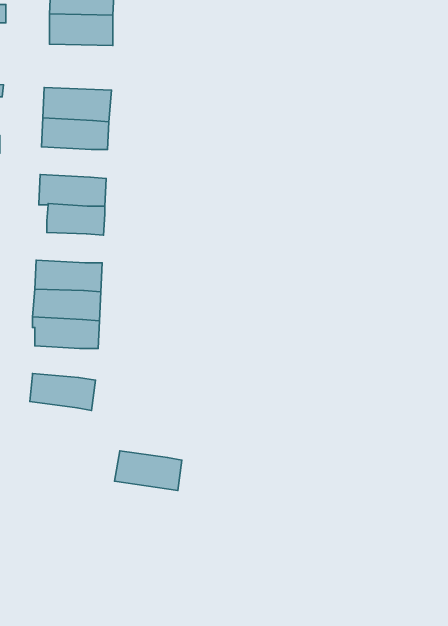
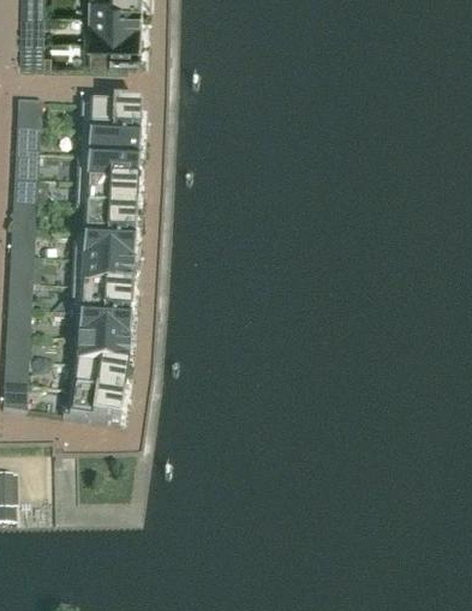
building: none -> [78,157,139,186]
building: none -> [74,233,136,263]
building: none -> [71,339,131,370]
building: [115,451,182,491] -> [64,389,125,425]

